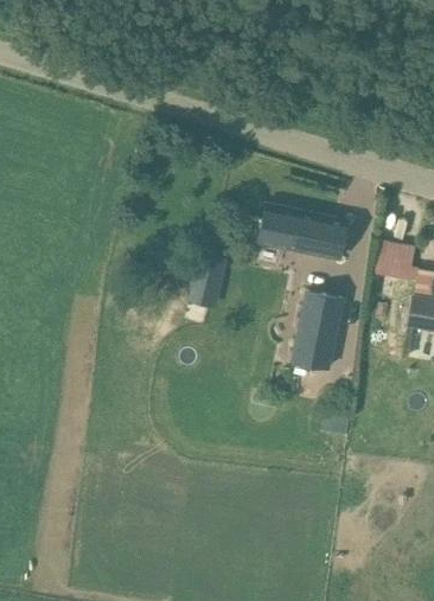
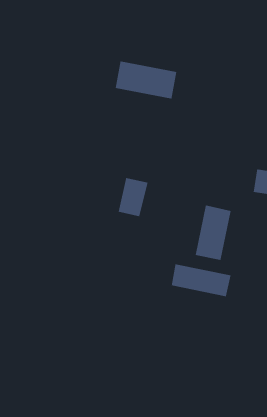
building: [259,206,345,260] -> [115,61,177,99]
building: none -> [171,263,231,297]

